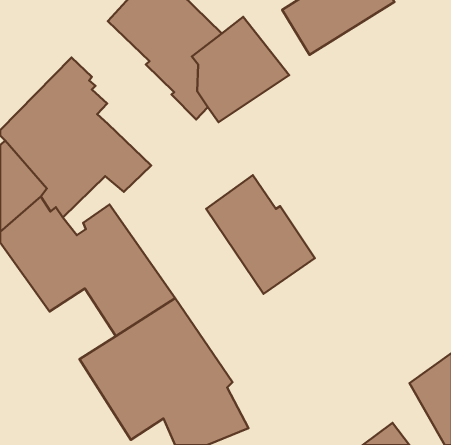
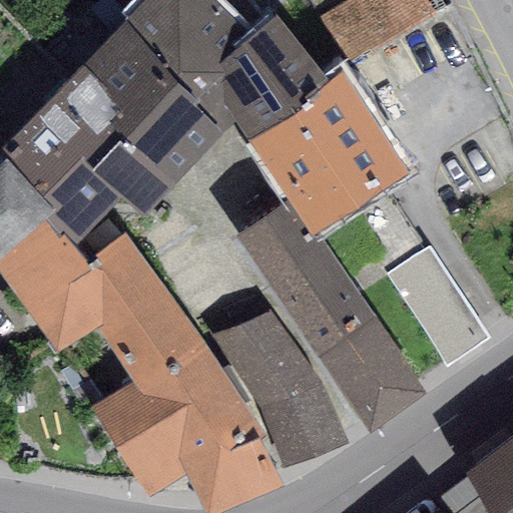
building: none -> [82,24,223,187]
building: none -> [248,75,410,236]
building: none -> [386,239,491,362]
building: none -> [300,293,427,434]
building: none -> [199,304,349,464]

